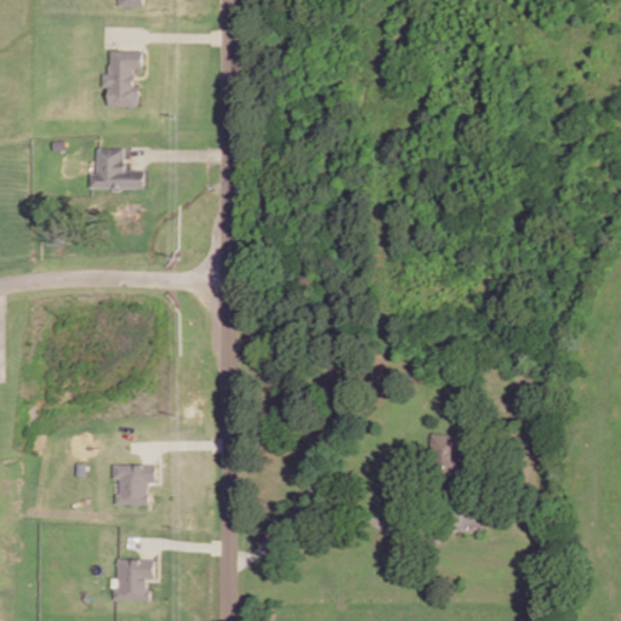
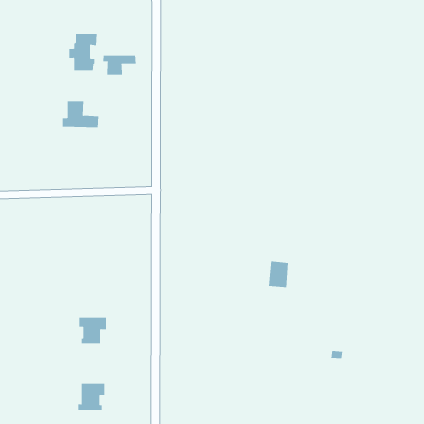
building: none -> [103,55,136,76]
building: [427,435,457,474] -> [268,261,289,288]

